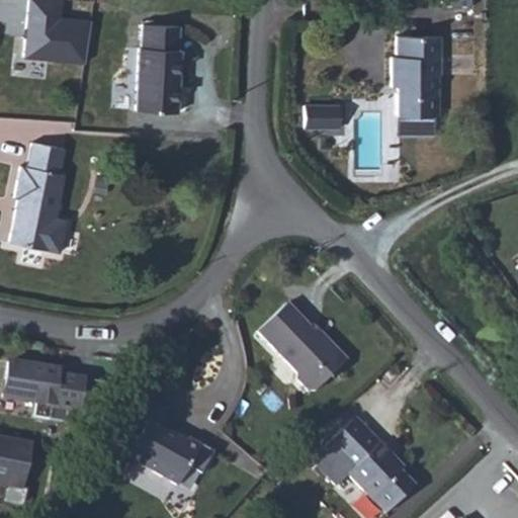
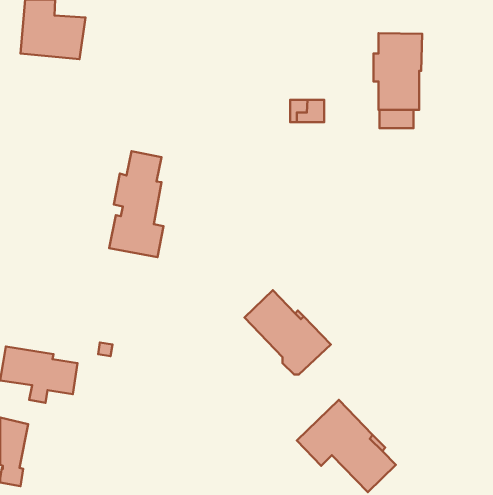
building: [137,22,181,111] -> none
building: [10,141,67,251] -> [109,151,163,257]
building: [128,396,214,484] -> none

